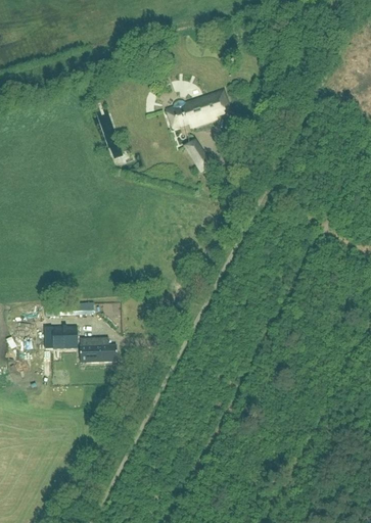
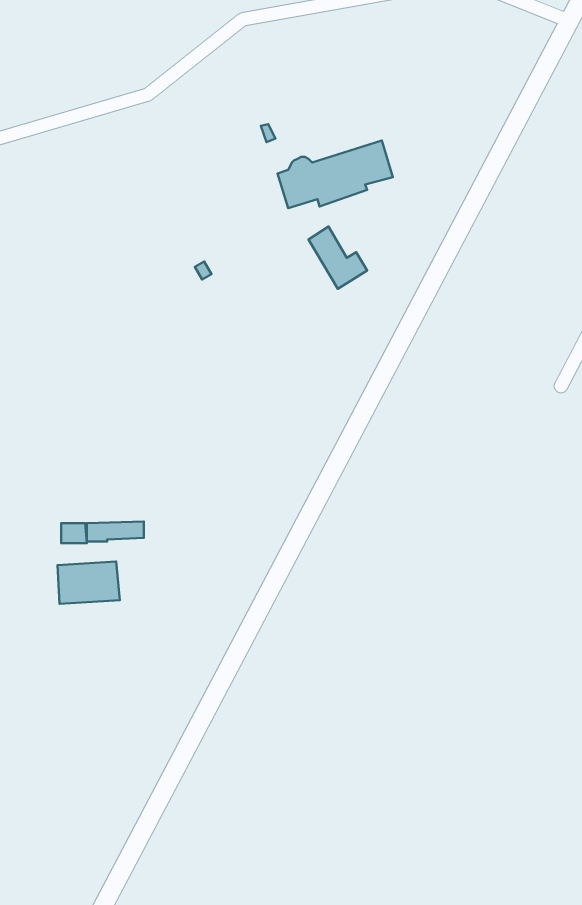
building: [85,340,118,362] -> none

